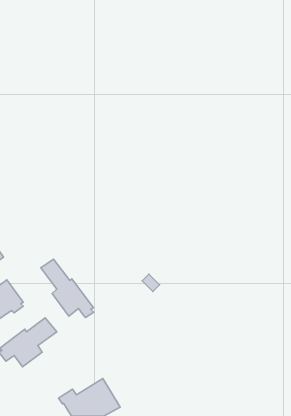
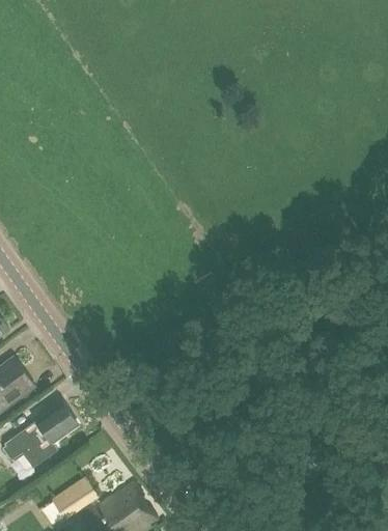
building: [41,259,94,318] -> none
building: none -> [55,479,95,514]

